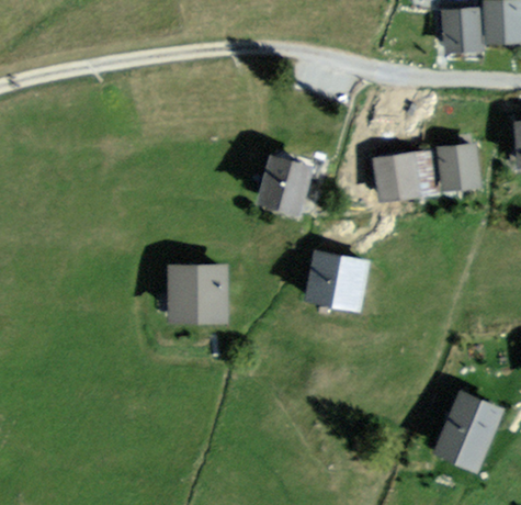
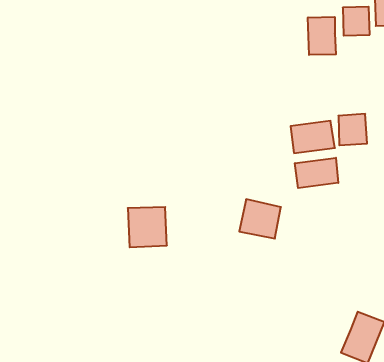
building: none -> [308,17,336,55]
building: [265,159,309,213] -> none
building: none -> [295,158,338,188]

